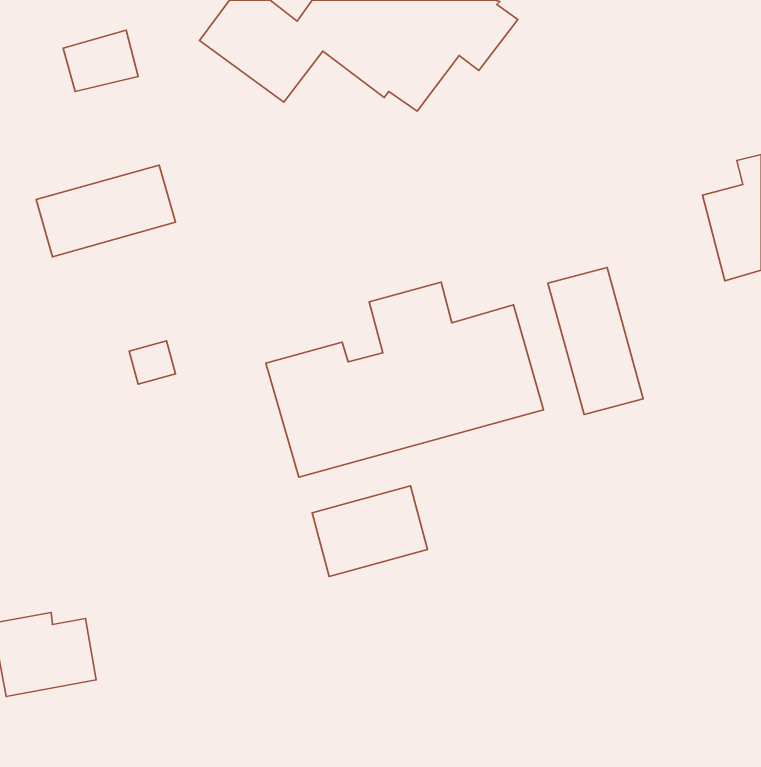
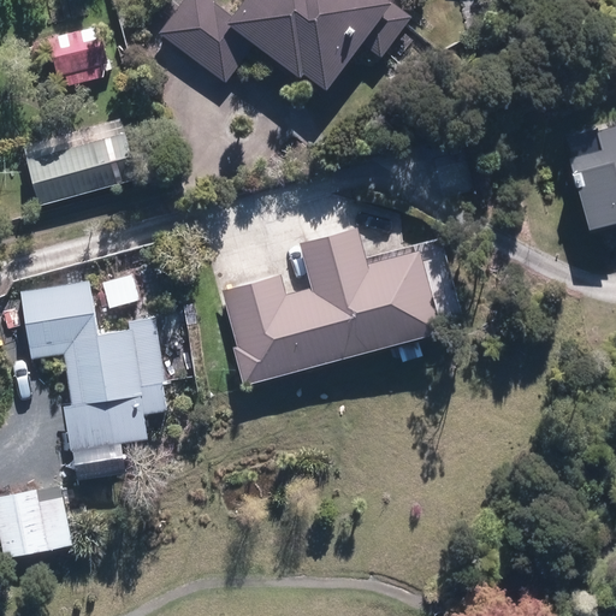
building: [548,267,643,415] -> none
building: none -> [23,280,154,454]
building: [312,486,428,577] -> none

